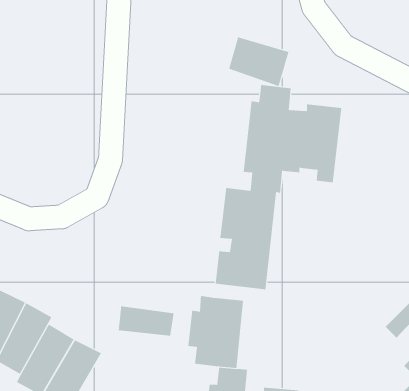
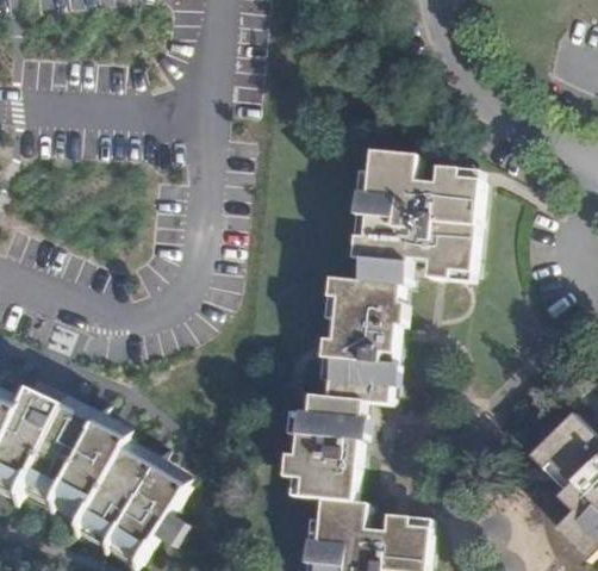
building: [228,36,289,87] -> none
building: [118,306,174,337] -> none

